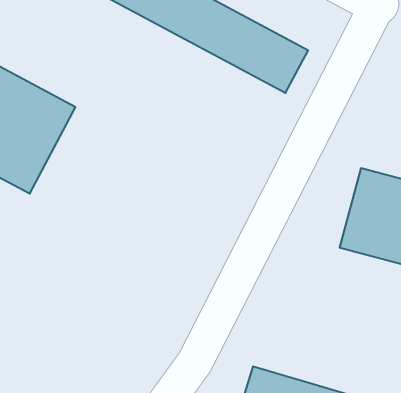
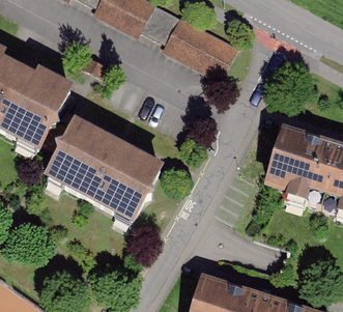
building: none -> [41,121,162,224]

